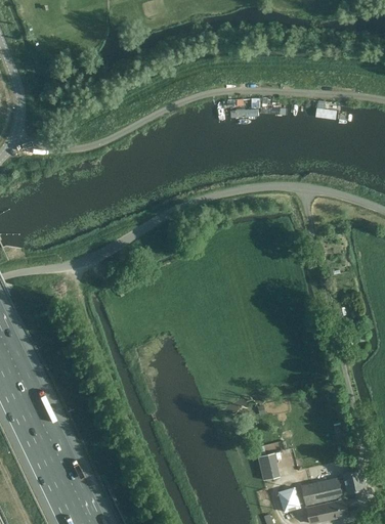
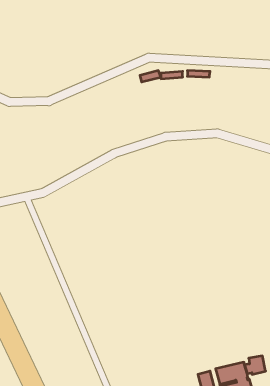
building: [258,453,279,480] -> none

